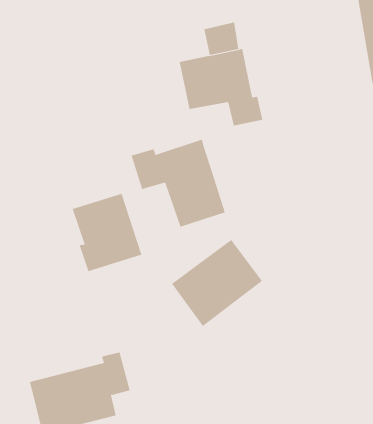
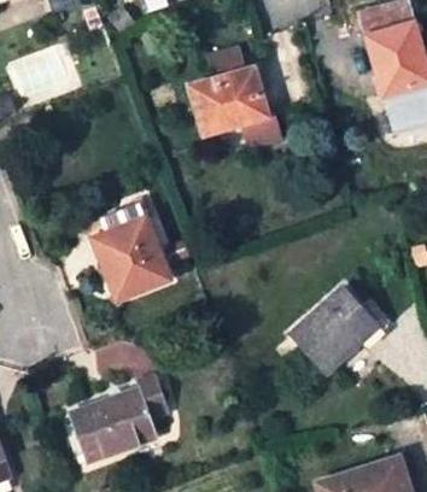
building: [131,139,225,227] -> none
building: [171,239,263,327] -> [292,286,381,374]

